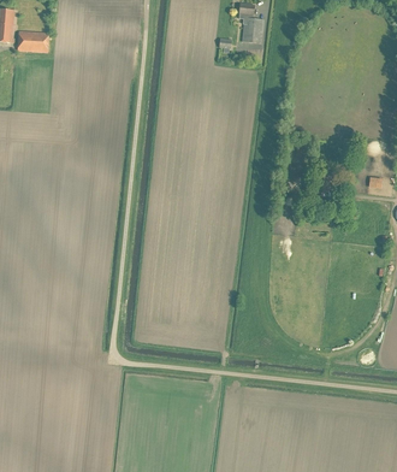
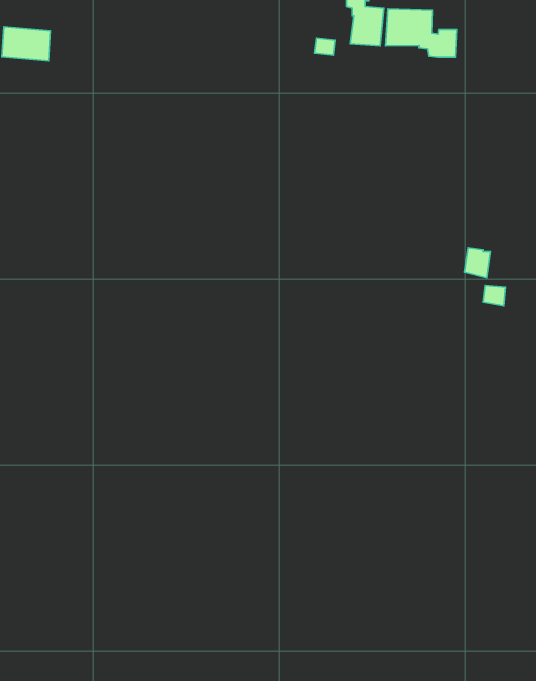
building: none -> [386,9,457,57]

